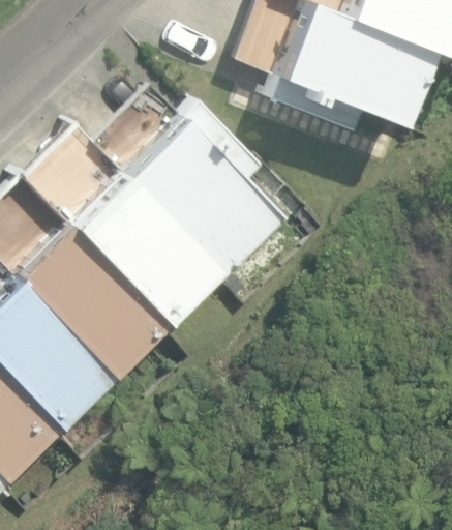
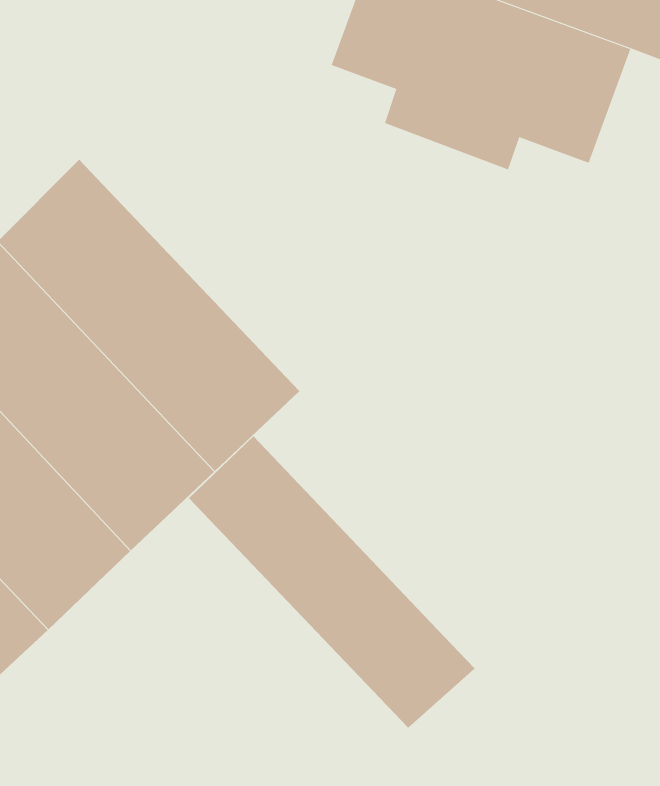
building: [96,90,276,273] -> none
building: none -> [188,435,475,728]

